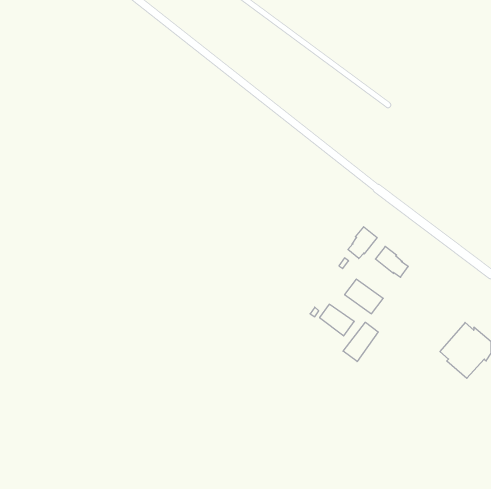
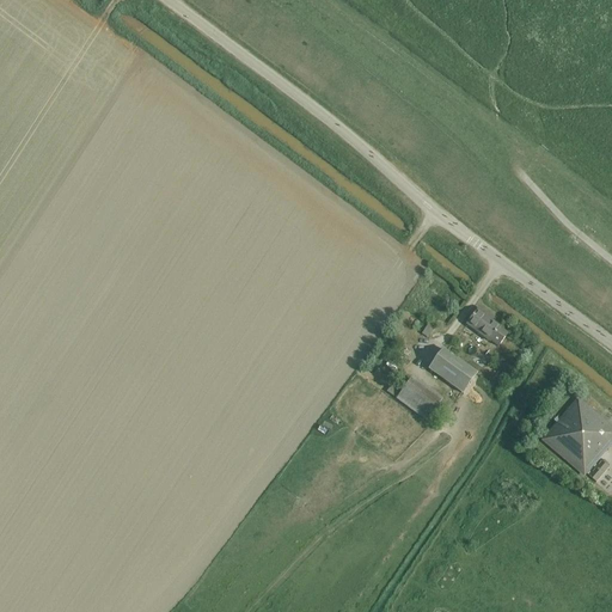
building: [348,227,377,259] -> none
building: [343,322,378,362] -> none

